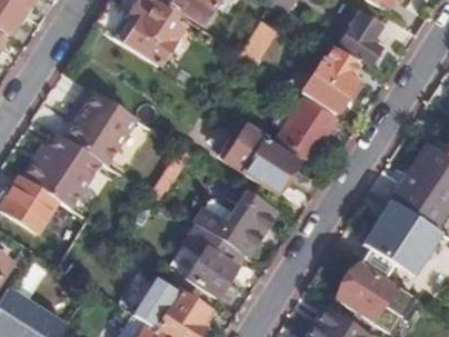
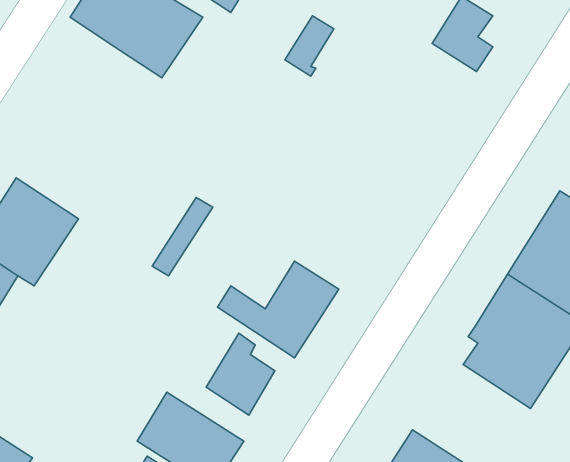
building: [300,44,361,113] -> none
building: [64,87,136,165] -> none
building: [277,100,332,158] -> none
building: [222,122,295,191] -> none
building: [336,262,392,319] -> none

